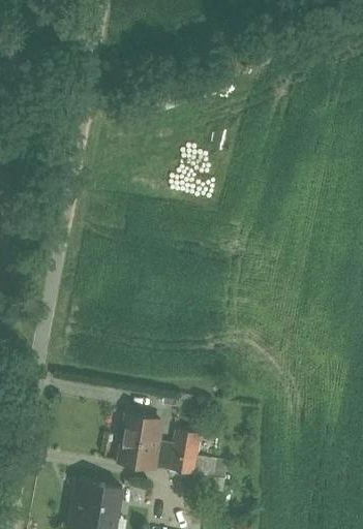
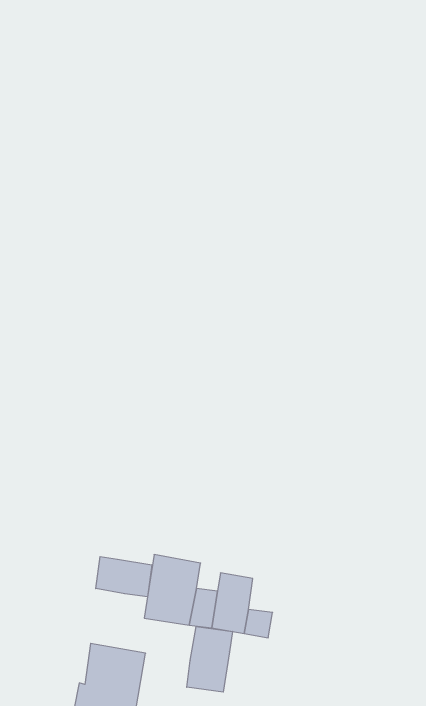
building: none -> [96,557,152,597]
building: none -> [187,627,233,692]

